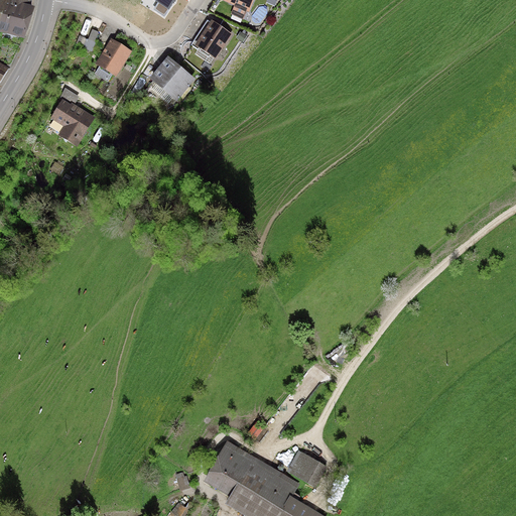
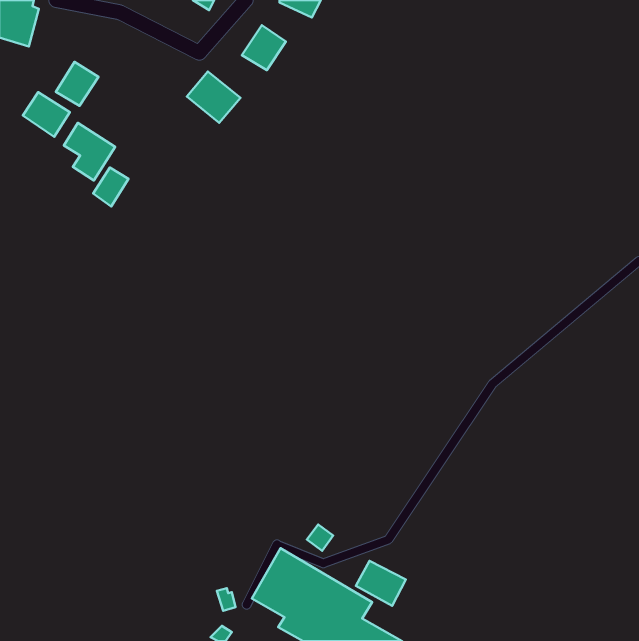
building: [96,39,130,75] -> [56,62,98,106]
building: none -> [23,92,70,137]
building: none -> [93,167,129,207]

